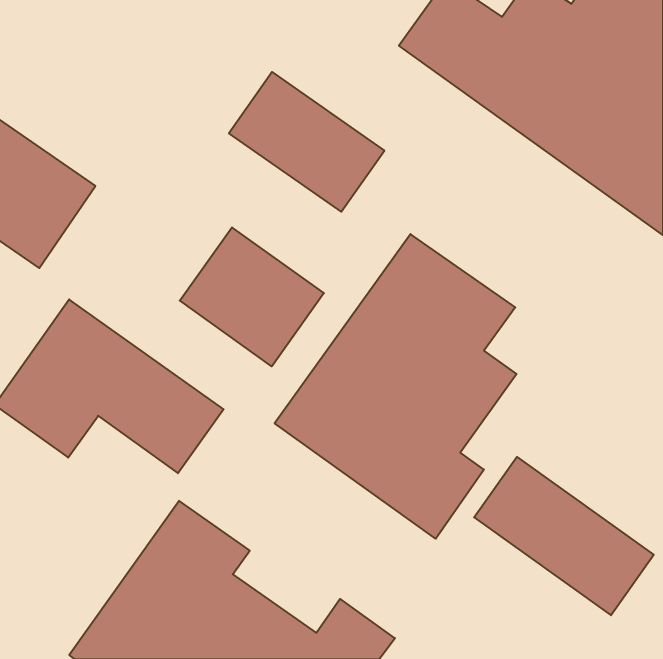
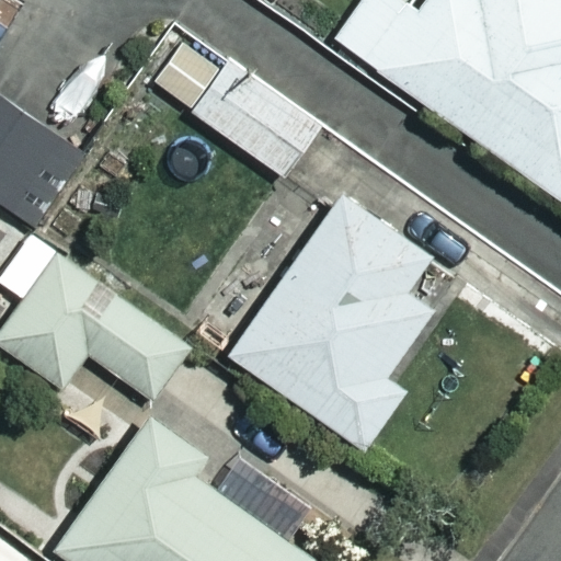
building: [180,227,324,366] -> none
building: [474,457,654,615] -> none

